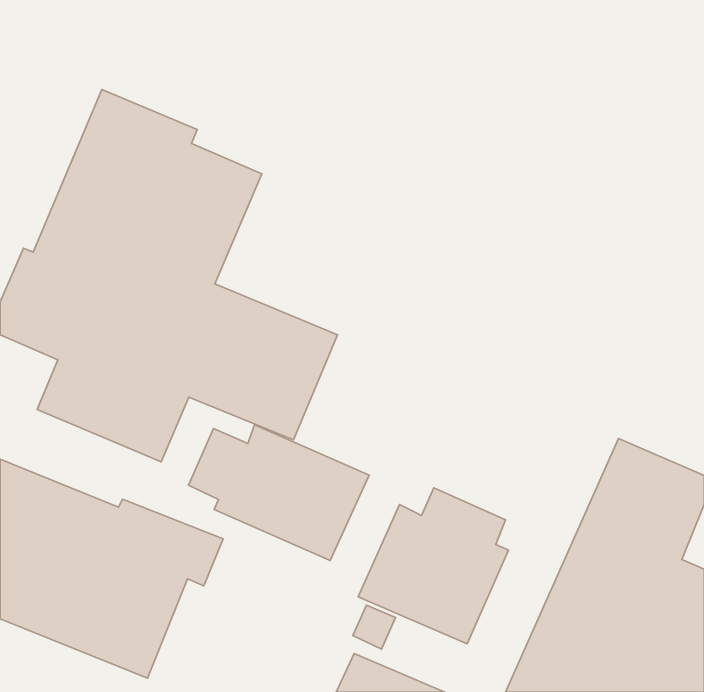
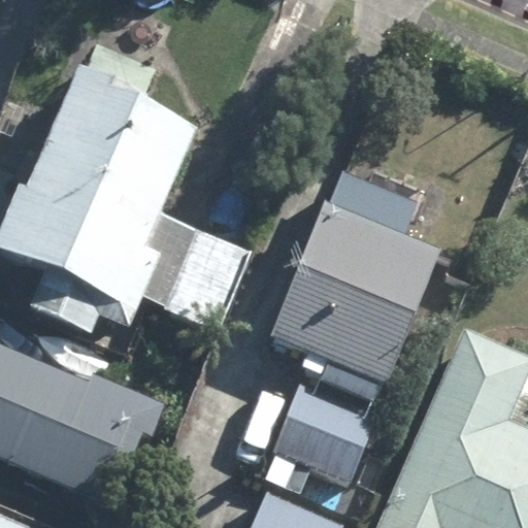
building: none -> [265,176,438,385]
building: [189,425,369,561] -> none

